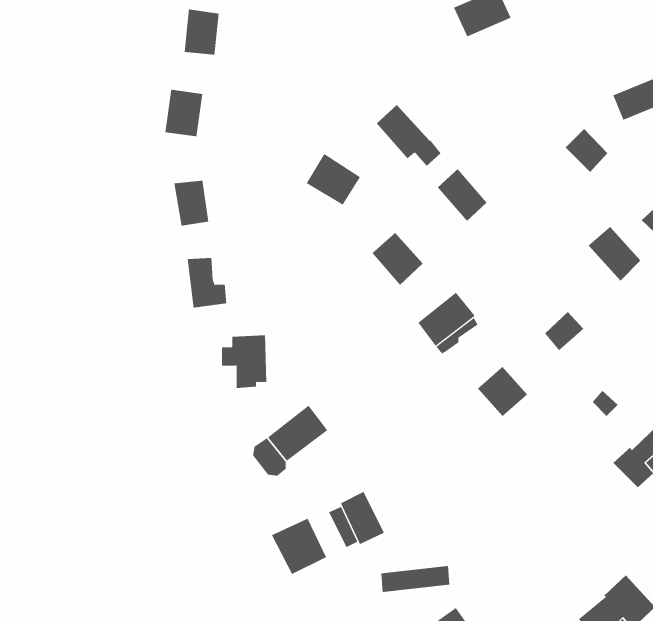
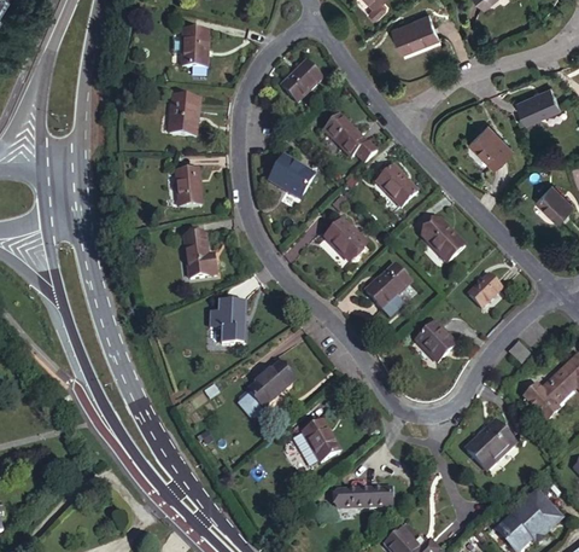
building: none -> [291,53,332,93]
building: [588,226,641,281] -> [426,221,469,266]
building: none -> [464,422,514,470]
building: [271,518,327,575] -> none

